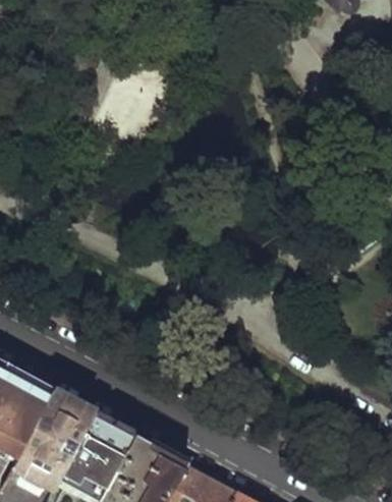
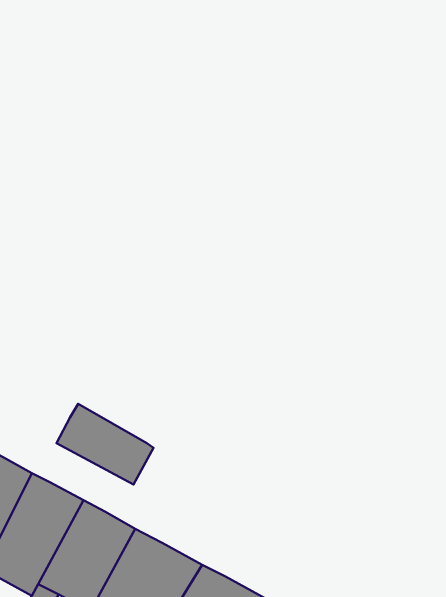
building: none -> [56,404,153,485]

